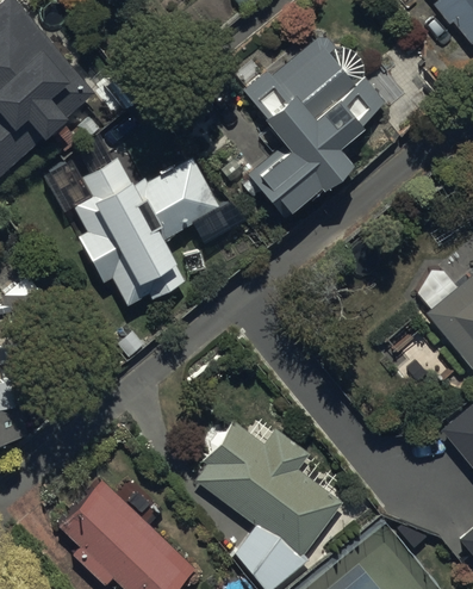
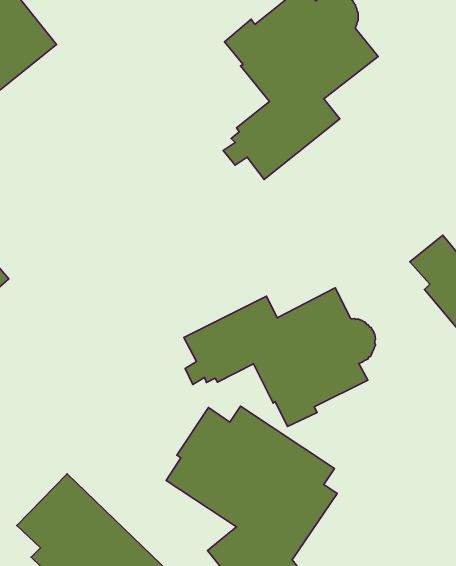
building: [73,157,222,306] -> none
building: none -> [184,288,376,426]

